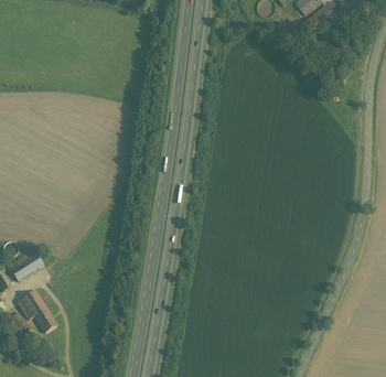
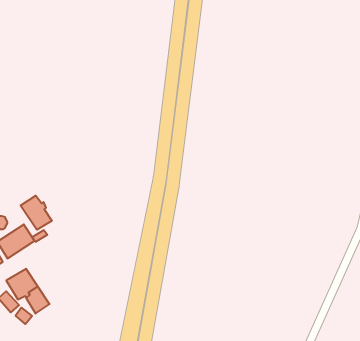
building: none -> [21,196,52,230]

